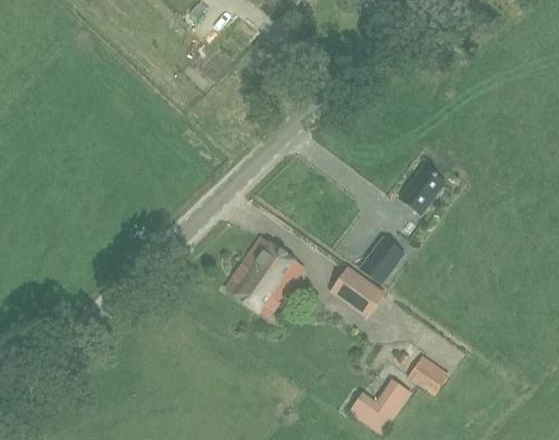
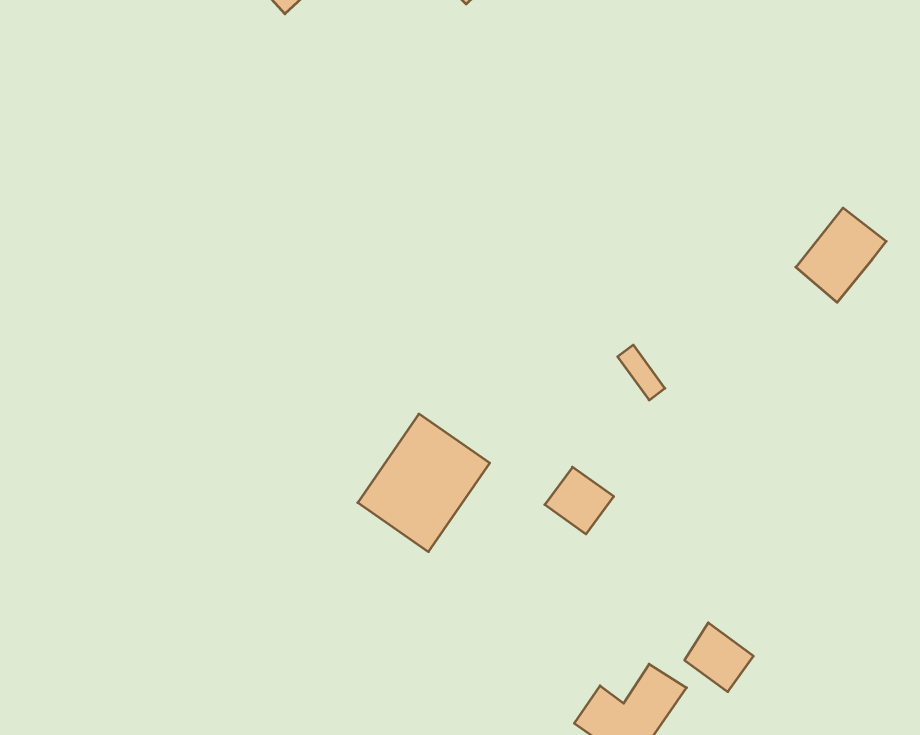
building: [397,162,448,215] -> [796,208,886,302]
building: [359,236,402,282] -> none

